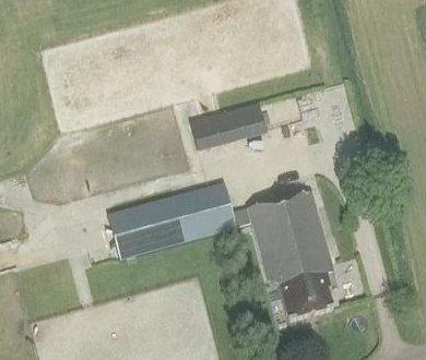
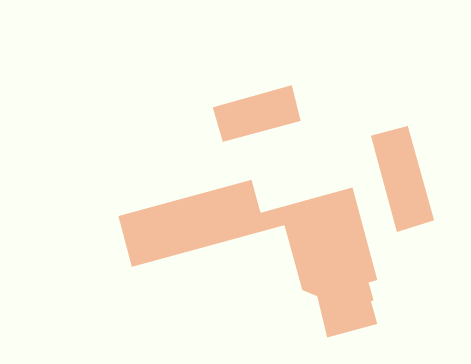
building: none -> [370,125,435,233]

